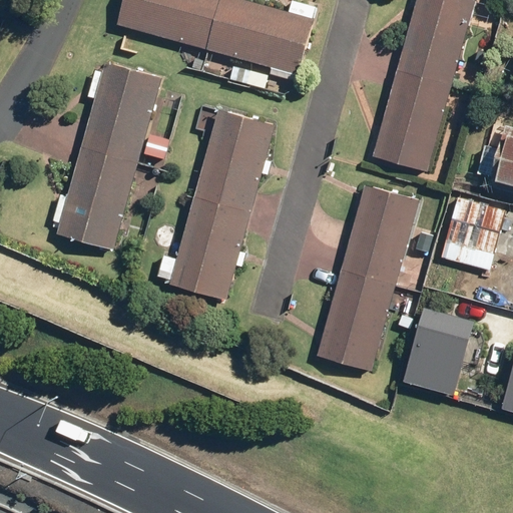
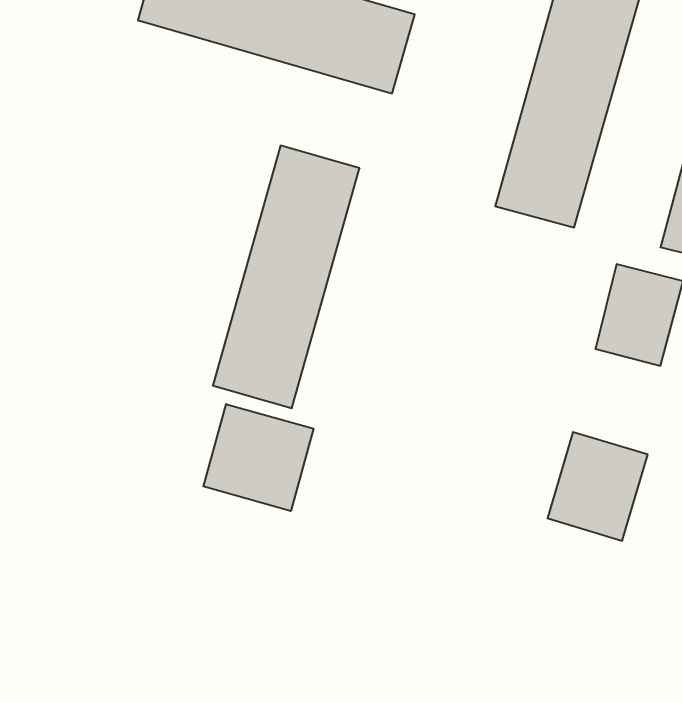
building: [56,61,160,247] -> none
building: [315,183,419,370] -> none
building: none -> [203,404,314,511]

